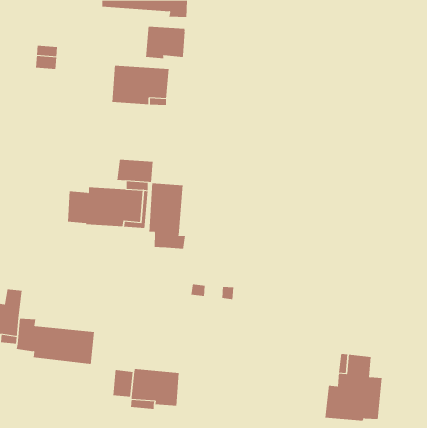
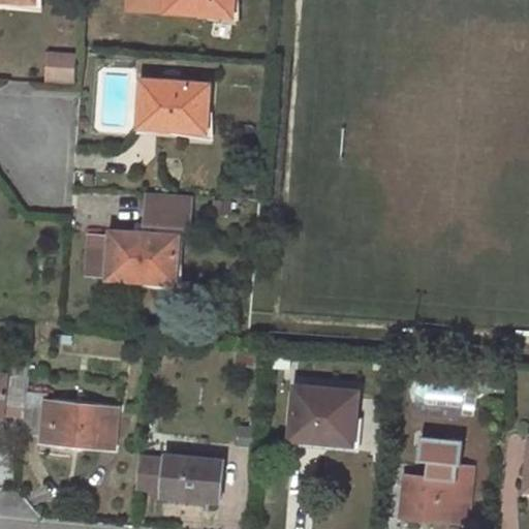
building: [146,26,185,59] -> none
building: [149,183,186,250] -> none
building: none -> [288,387,355,443]

